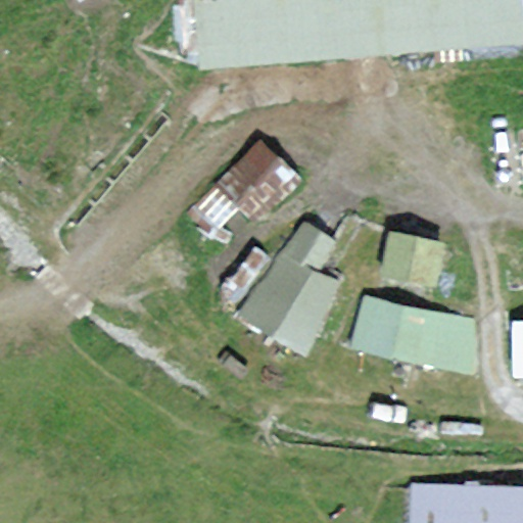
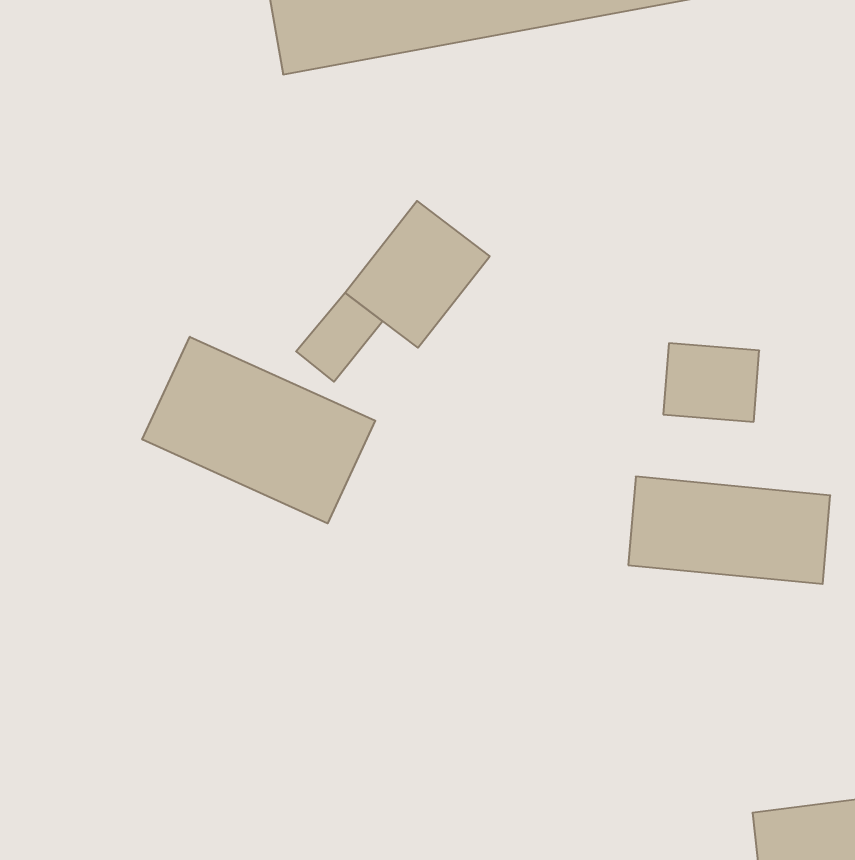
building: none -> [142,337,375,523]
building: [247,221,336,341] -> none

